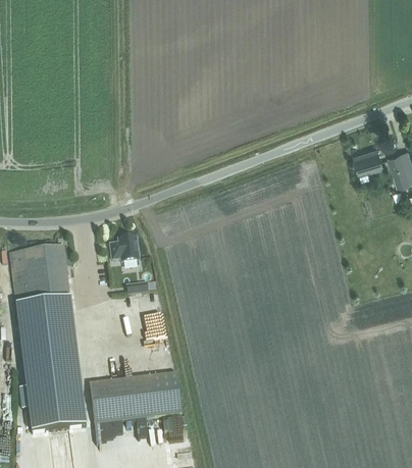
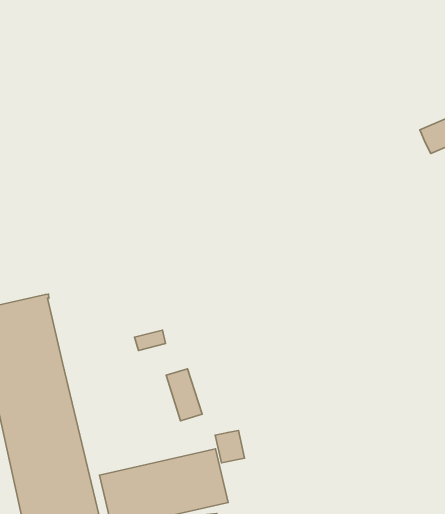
building: [110,237,139,262] -> none
building: none -> [215,431,245,463]

